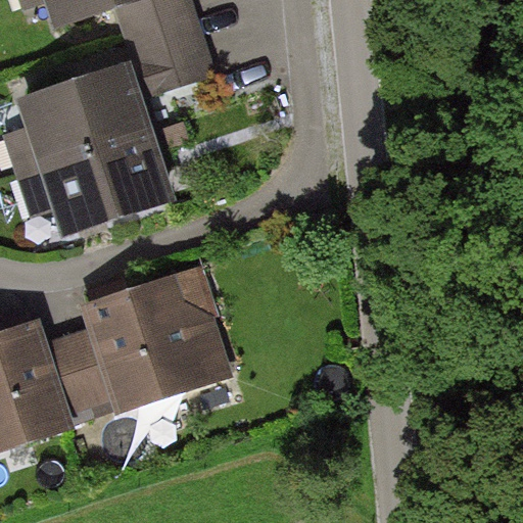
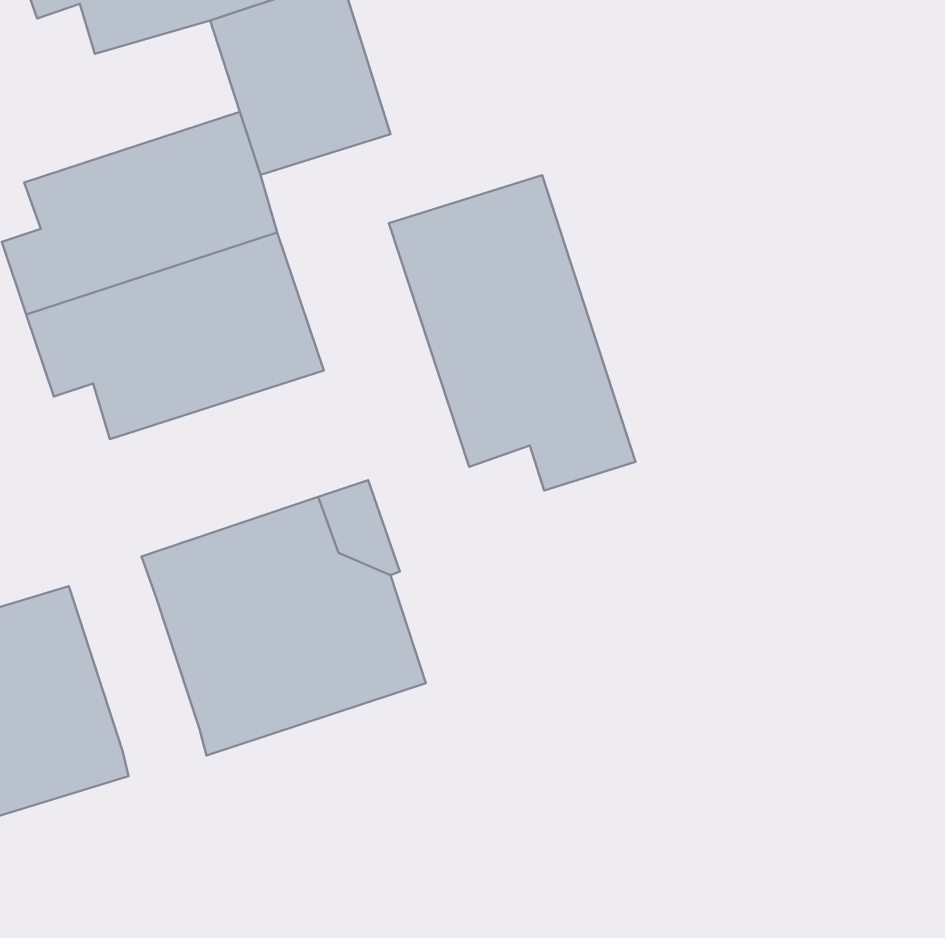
building: none -> [389,175,635,490]
building: [44,328,109,413] -> none

